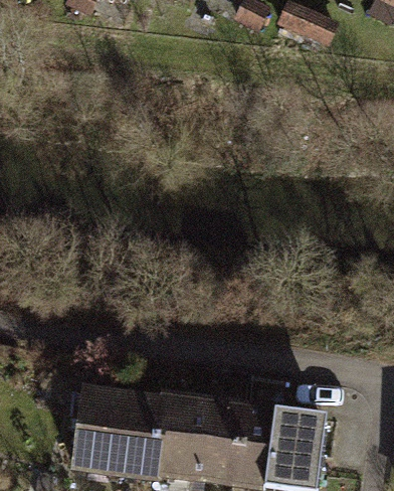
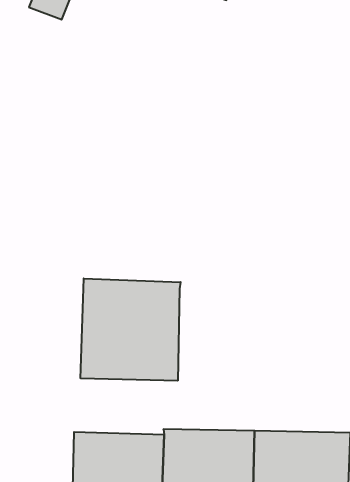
building: none -> [81,278,181,381]

